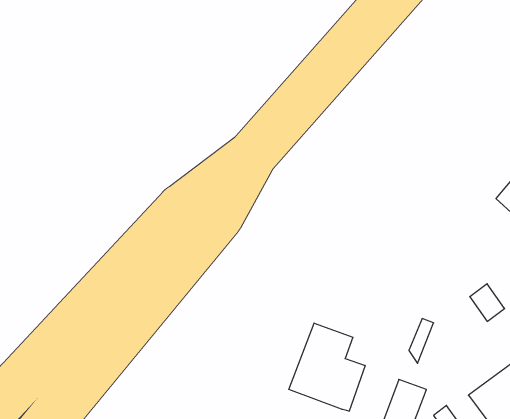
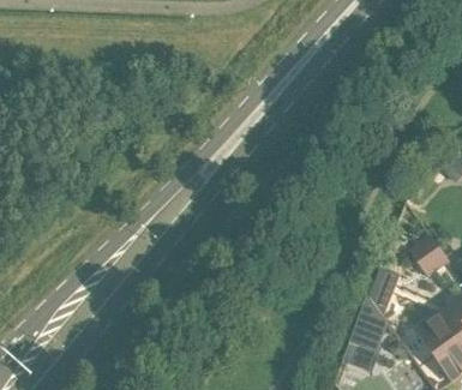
building: [289,323,365,411] -> none

